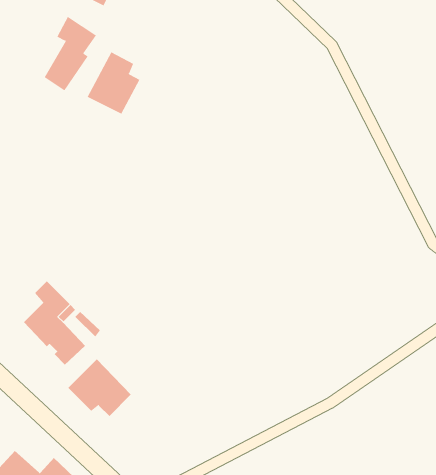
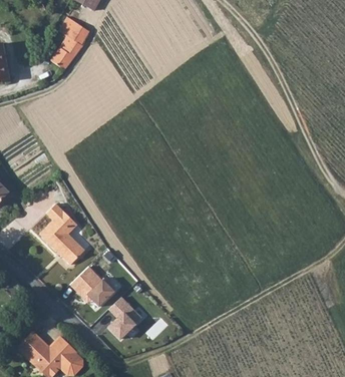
building: [87,51,140,114] -> none
building: none -> [105,295,140,338]

